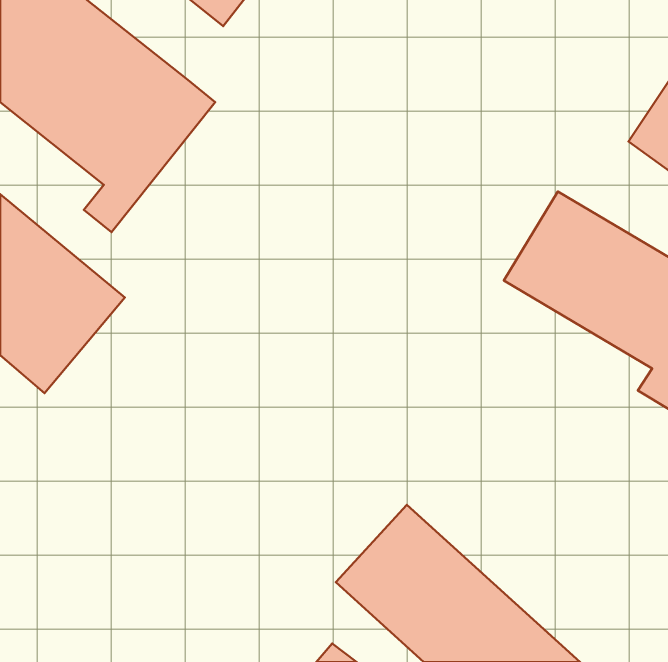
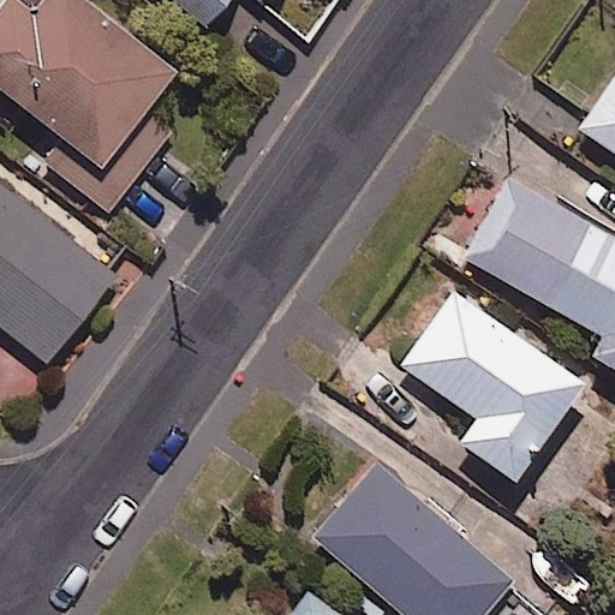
building: none -> [399,289,584,483]

